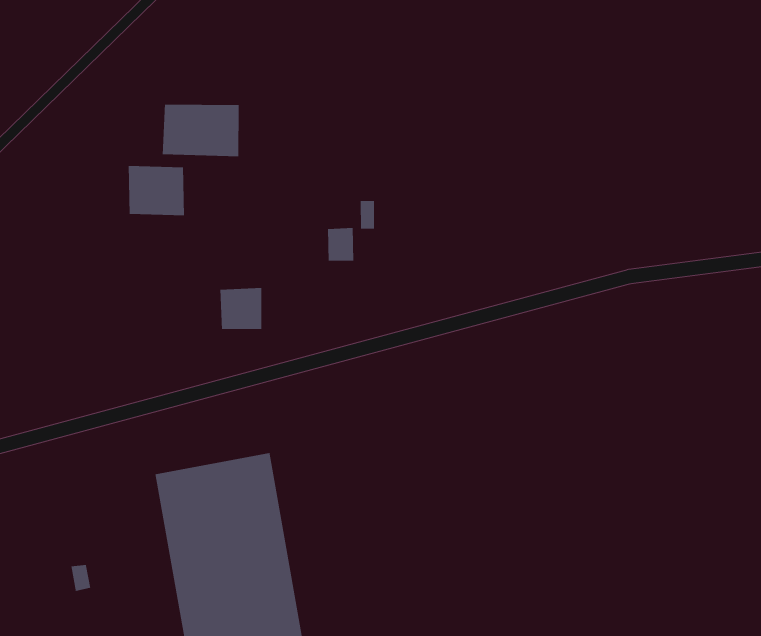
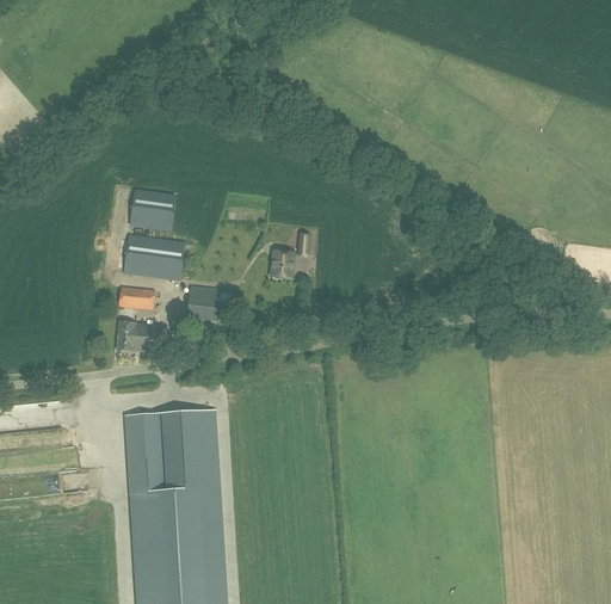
building: [162,104,240,157] -> [123,235,184,281]
building: none -> [119,285,154,309]
building: none -> [115,322,161,352]

